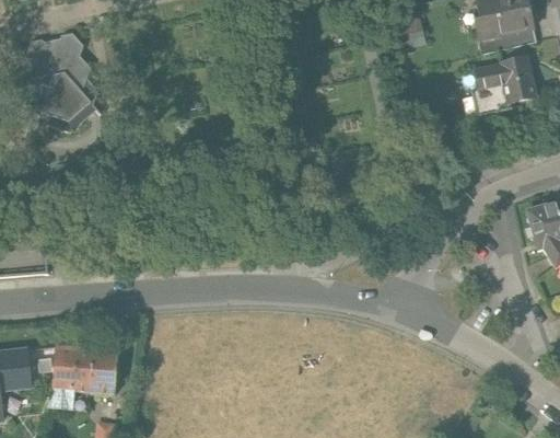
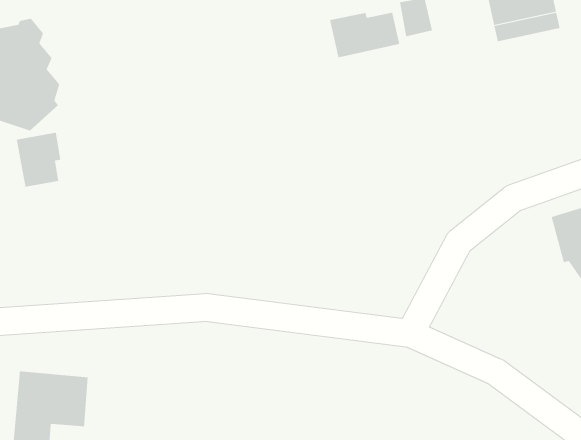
building: none -> [329,12,400,58]
building: [470,56,534,115] -> none
building: none -> [16,132,61,187]

